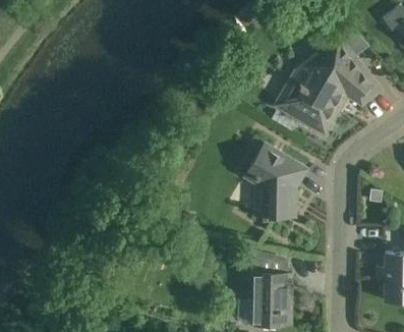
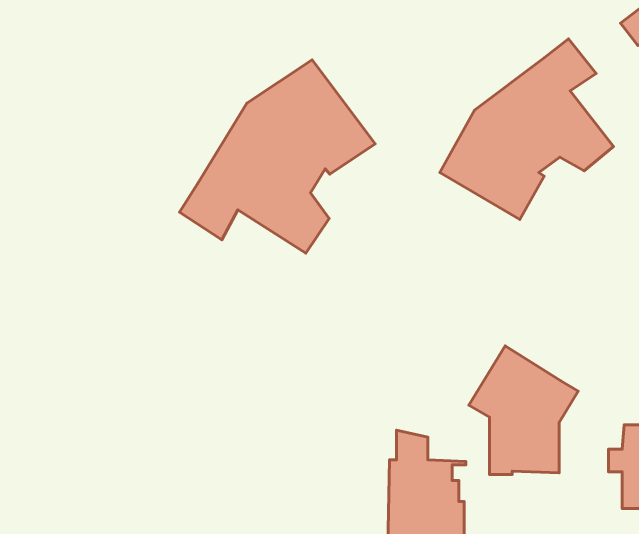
building: none -> [179,60,375,253]
building: [241,144,305,219] -> [469,346,578,475]

